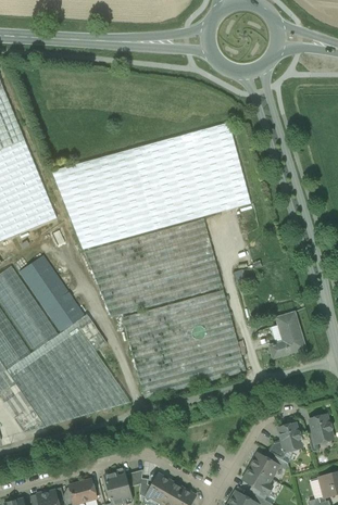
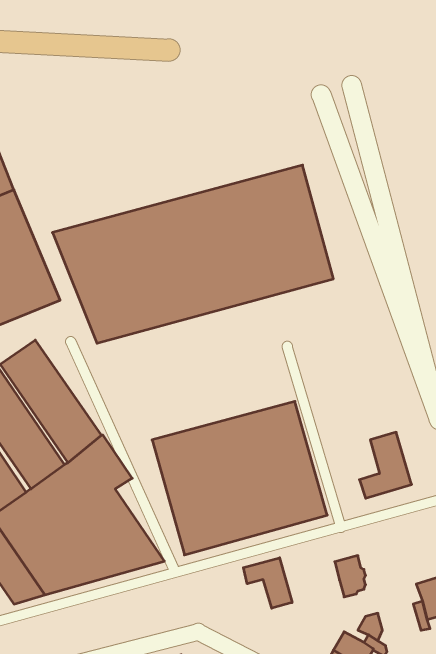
building: [84,219,222,317] -> none
building: none -> [243,558,292,608]
building: [278,422,300,452] -> [335,556,366,597]

